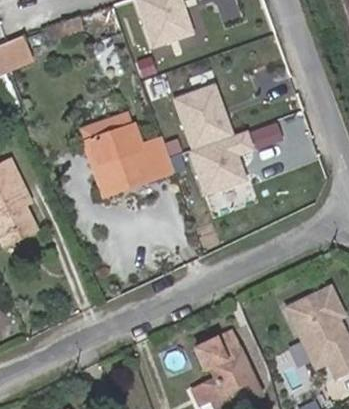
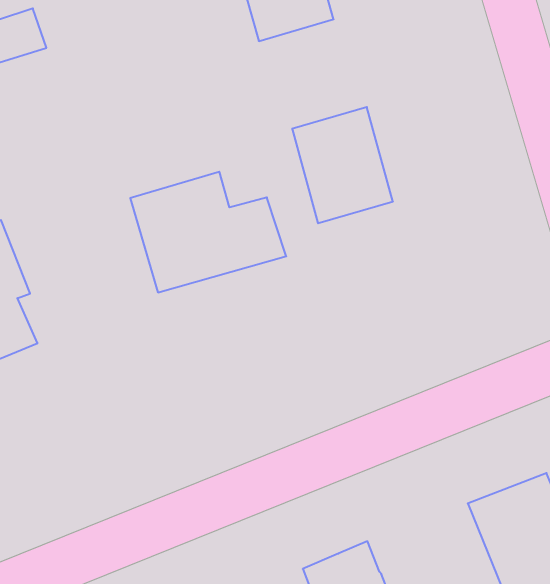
building: [192,130,255,193] -> none

